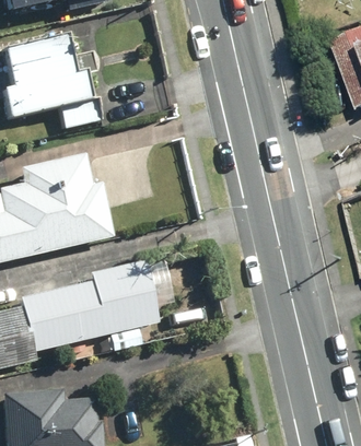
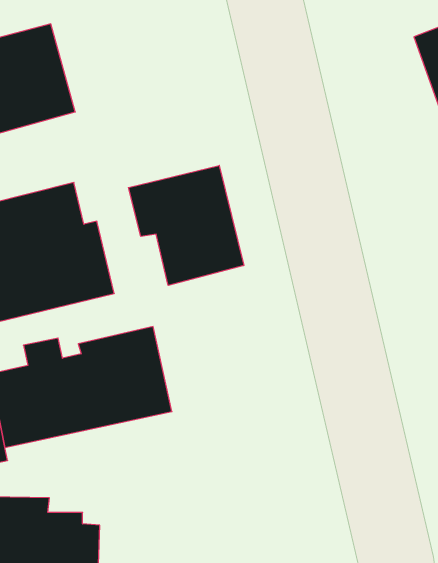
building: none -> [128,165,244,285]

